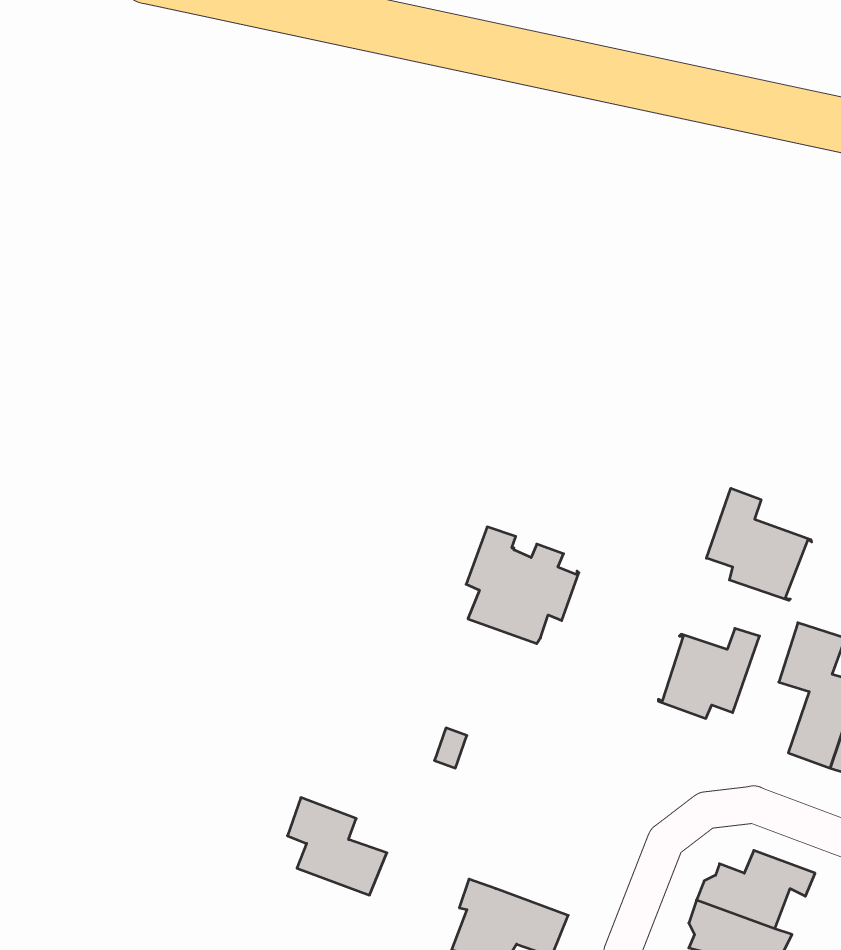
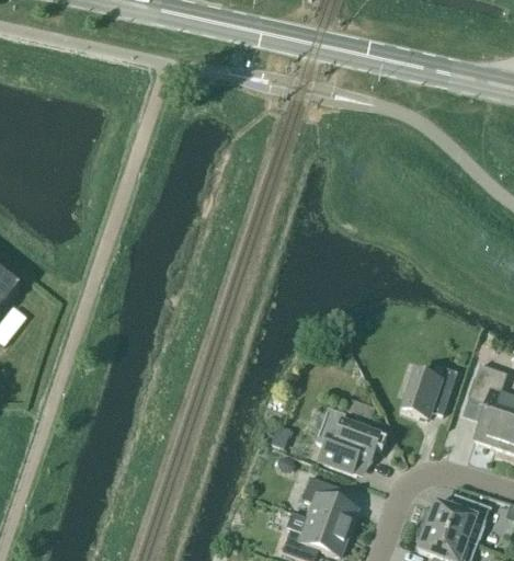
building: [706,488,812,600] -> none
building: [466,527,579,644] -> [316,408,380,474]
building: [287,798,387,895] -> [301,476,358,531]

